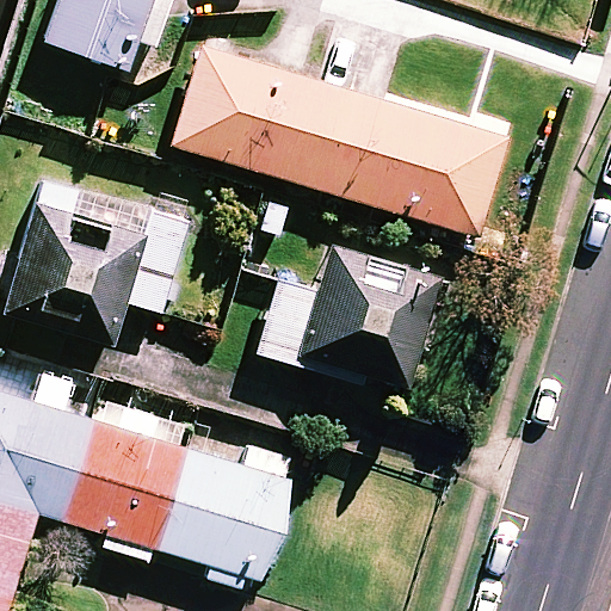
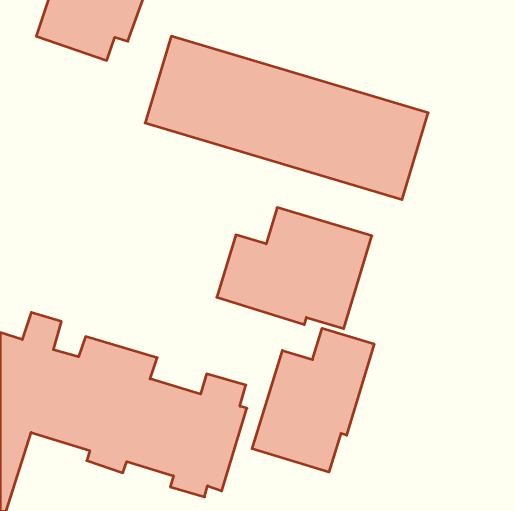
building: [6,179,186,344] -> none
building: none -> [252,328,374,472]

